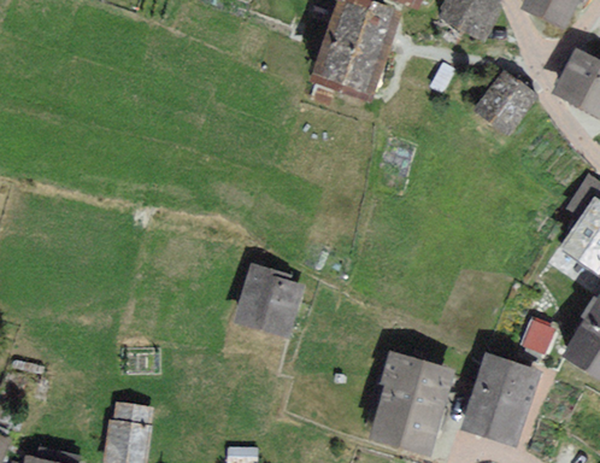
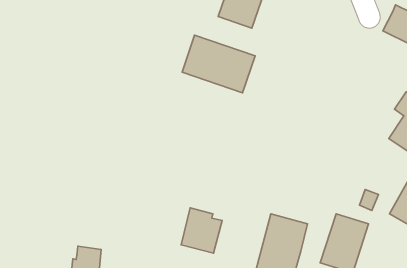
building: [480,75,530,128] -> none
building: none -> [182,35,255,93]
building: [240,266,299,332] -> [181,208,222,253]

